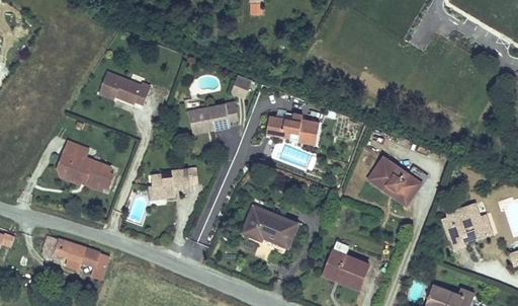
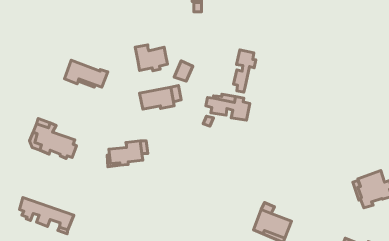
building: none -> [135,45,167,71]
building: none -> [233,50,256,92]
building: [368,157,426,205] -> none
building: [243,199,296,246] -> none

